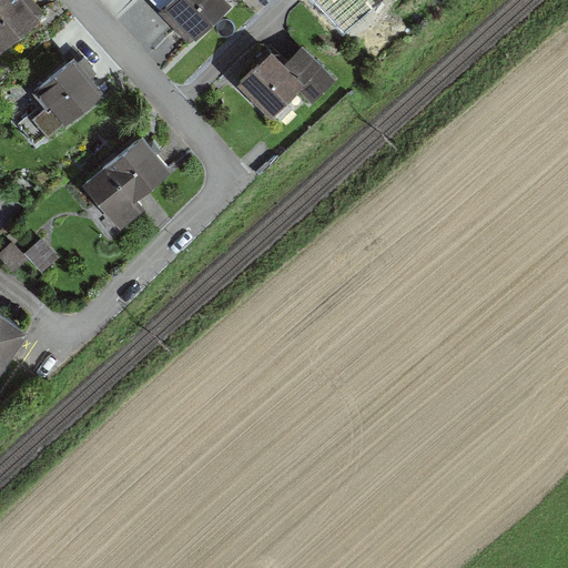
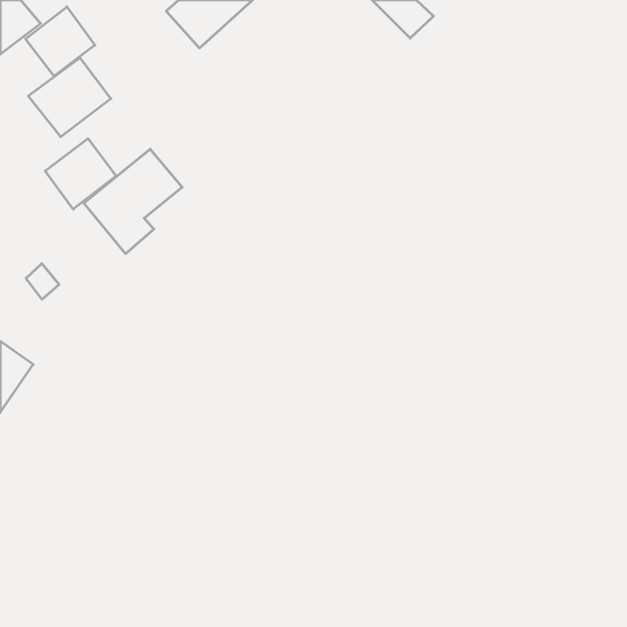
building: none -> [26,7,95,76]
building: [248,53,337,113] -> none
building: none -> [45,139,116,209]

